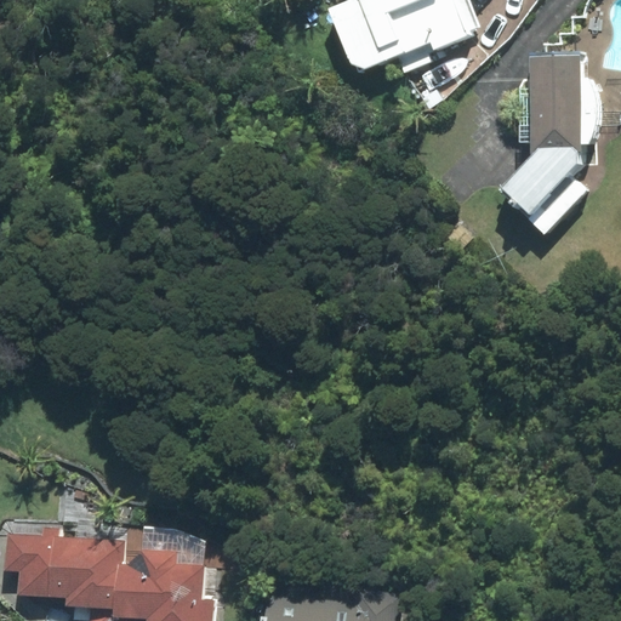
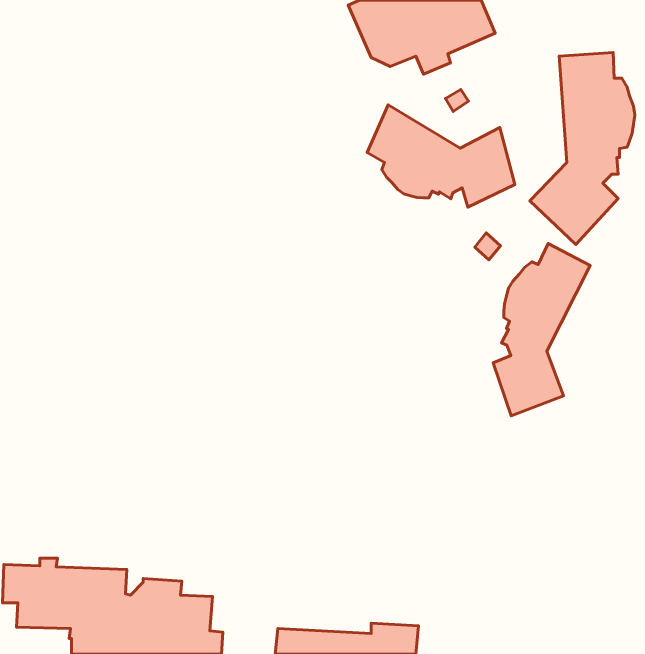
building: none -> [367,105,515,207]
building: none -> [493,244,590,416]

